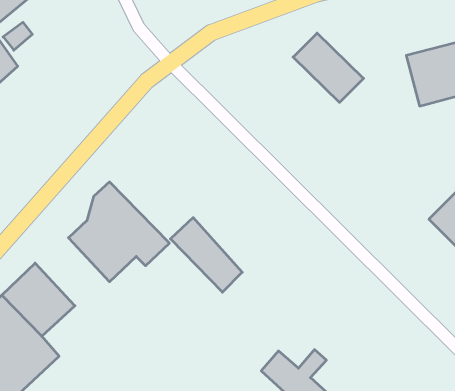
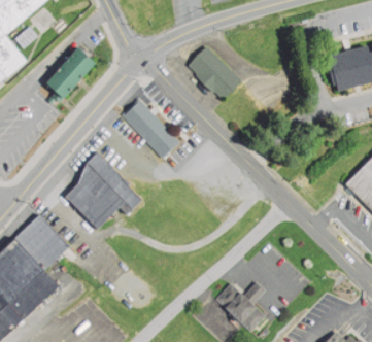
building: [293,33,364,102] -> [187,46,241,100]
building: none -> [45,49,93,99]
building: [170,218,242,292] -> [122,99,177,157]

